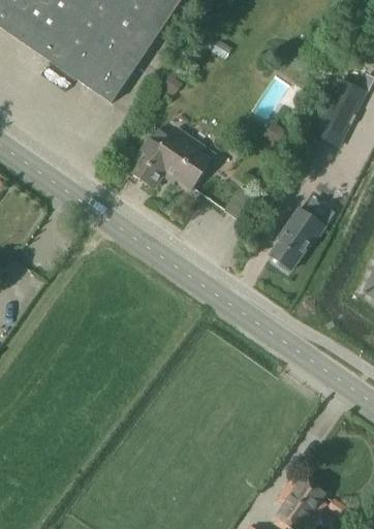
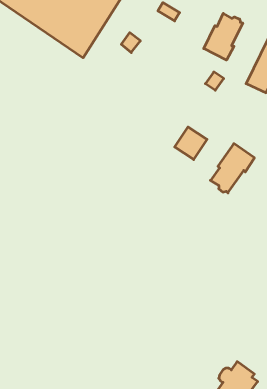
building: none -> [204,13,243,60]
building: [120,127,214,187] -> none

